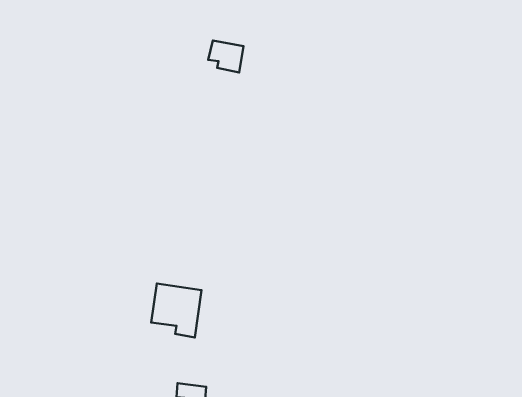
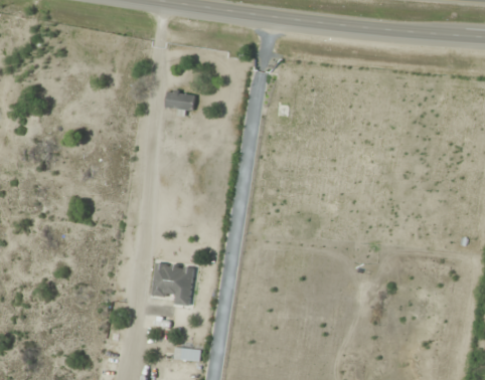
building: [208,40,244,73] -> [164,89,195,118]

